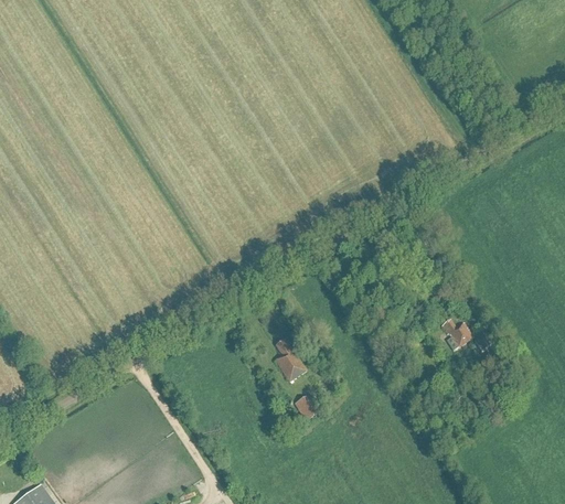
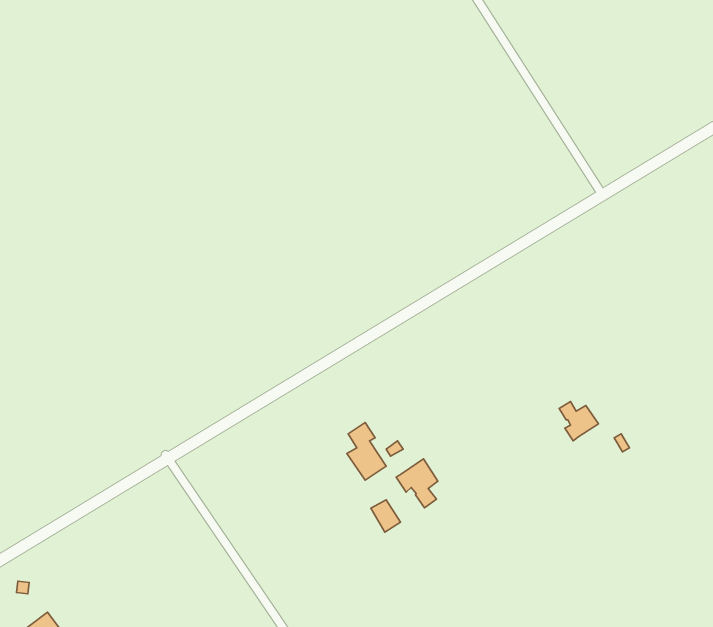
building: none -> [396,459,438,508]

